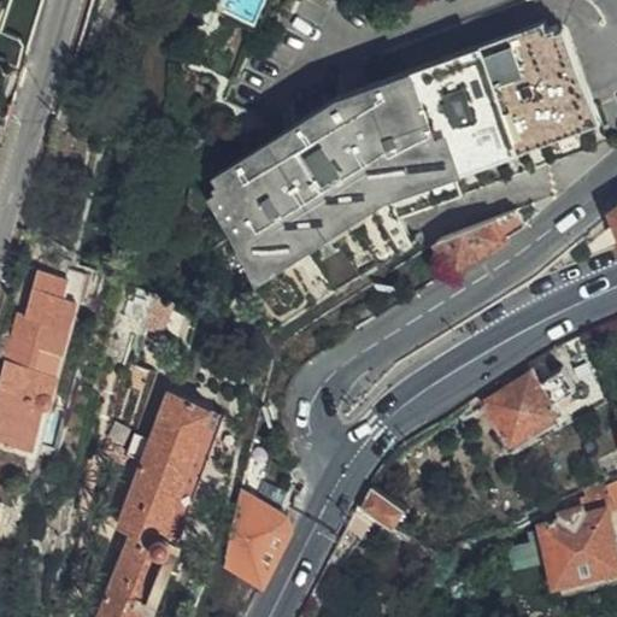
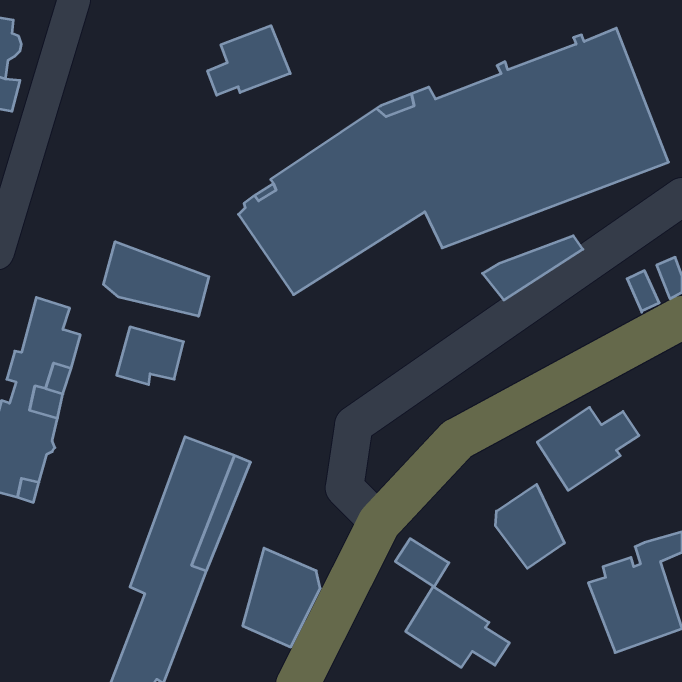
building: none -> [208,26,290,95]
building: none -> [103,242,209,316]
building: none -> [495,484,564,568]
building: none -> [406,586,509,667]

